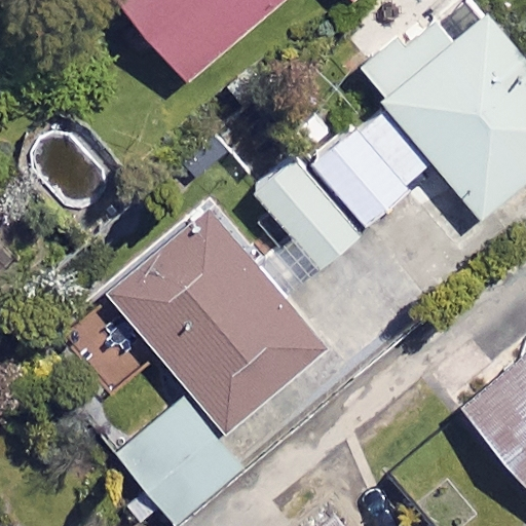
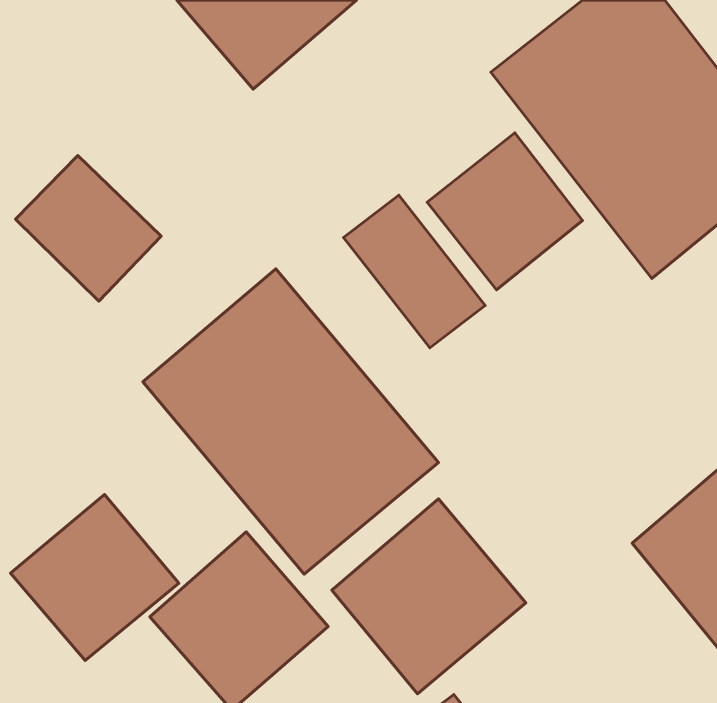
building: none -> [10,494,179,660]
building: none -> [332,499,526,694]

